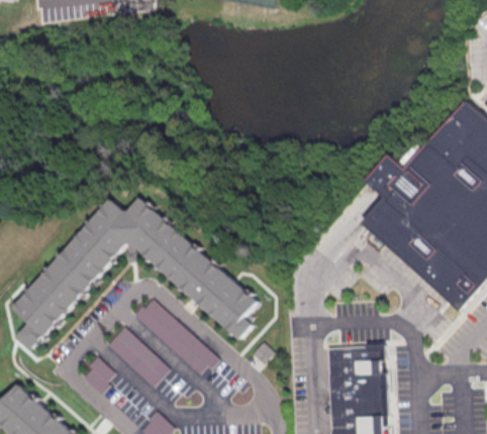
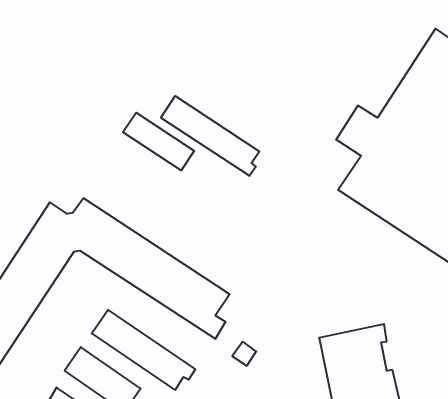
building: none -> [161,96,259,176]
building: none -> [123,113,194,171]

